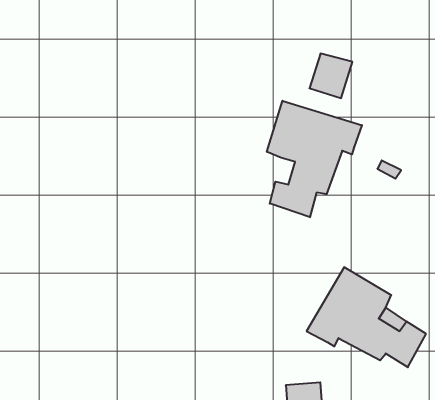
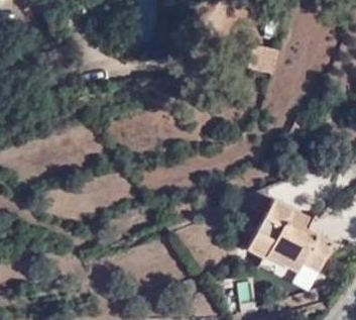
building: [267,101,362,217] -> none

